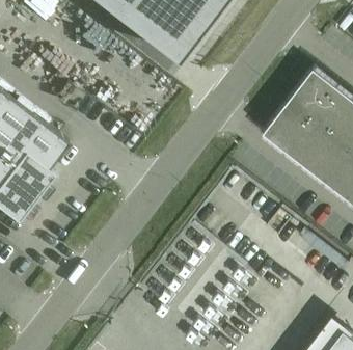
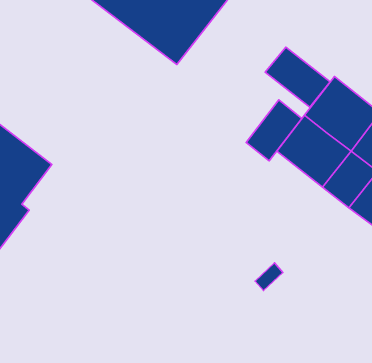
building: none -> [265,47,330,107]
building: none -> [246,100,302,161]

